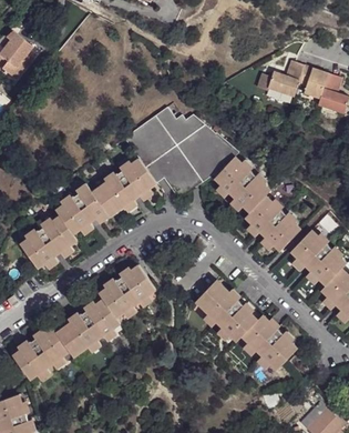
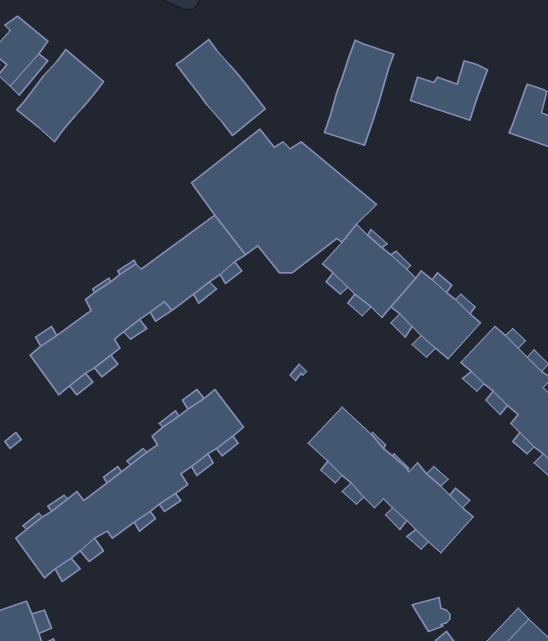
building: none -> [176,39,265,135]
building: none -> [324,40,394,145]
building: none -> [17,49,103,142]
building: [298,66,329,99] -> none

